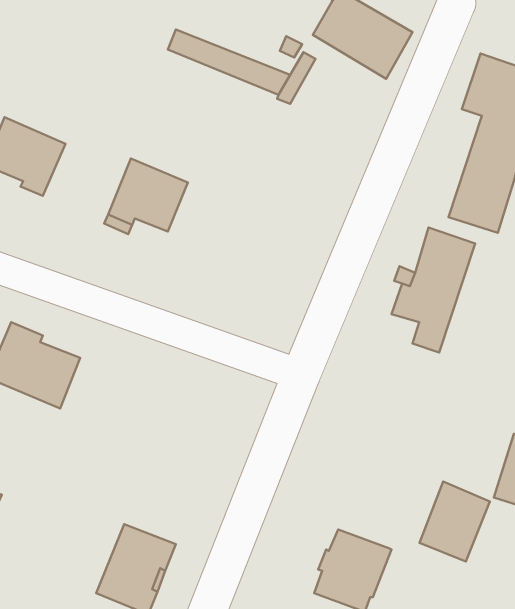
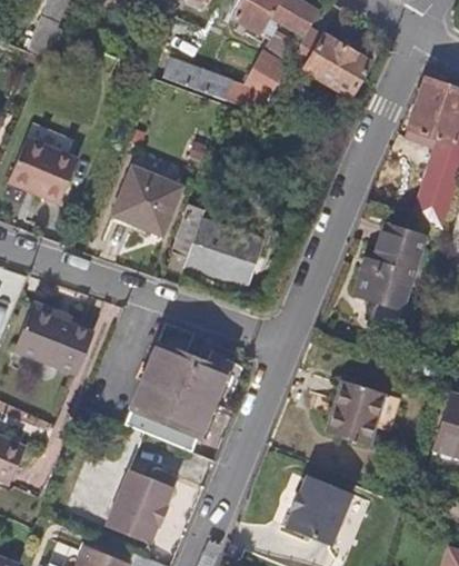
building: none -> [177,201,265,285]
building: none -> [127,346,224,451]
building: [419,482,490,561] -> [319,384,378,450]

